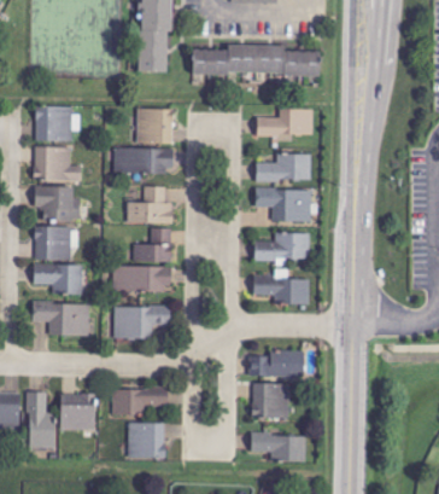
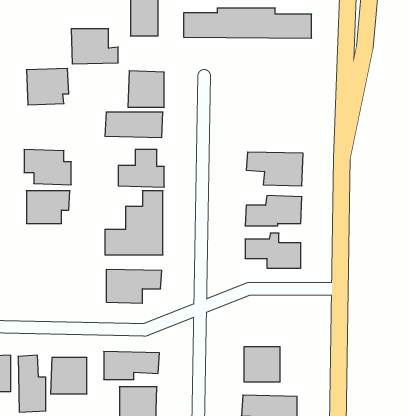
building: [256,109,312,135] -> none
building: [34,146,81,181] -> [71,29,118,64]
building: [254,153,311,181] -> none
building: [33,263,82,295] -> none
building: [31,302,89,336] -> none
building: [250,350,304,377] -> none

